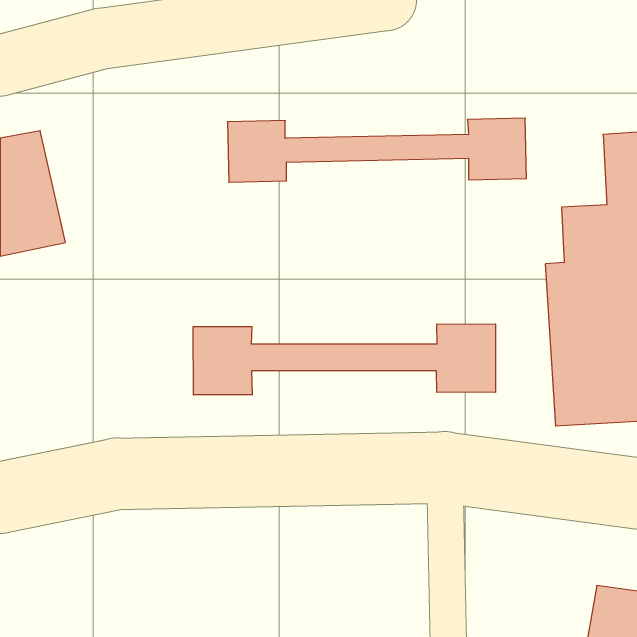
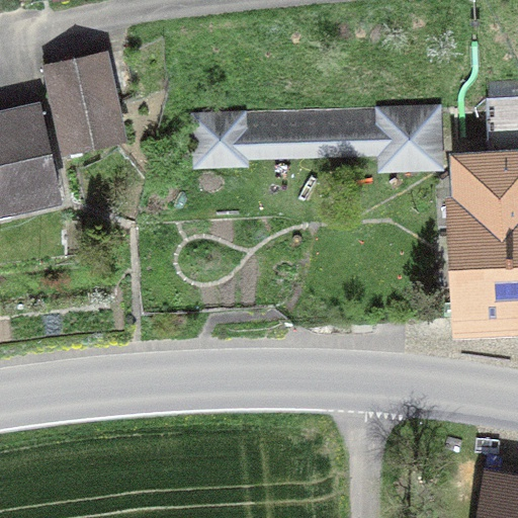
building: none -> [45,58,126,155]
building: [193,324,495,395] -> none

